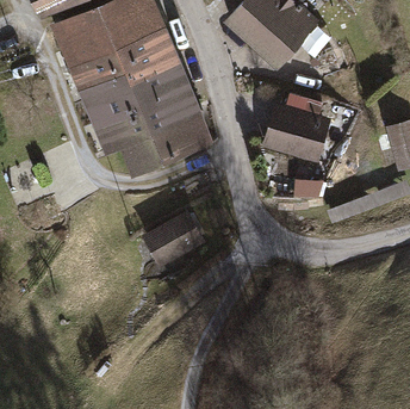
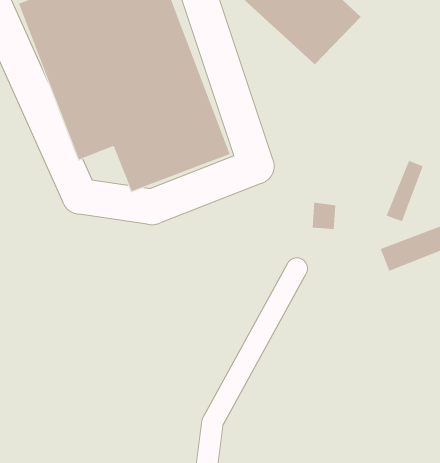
building: [260,101,331,167] -> none
building: [138,210,204,271] -> none

